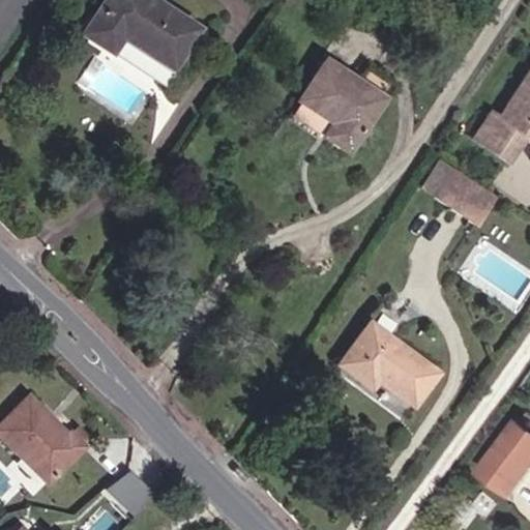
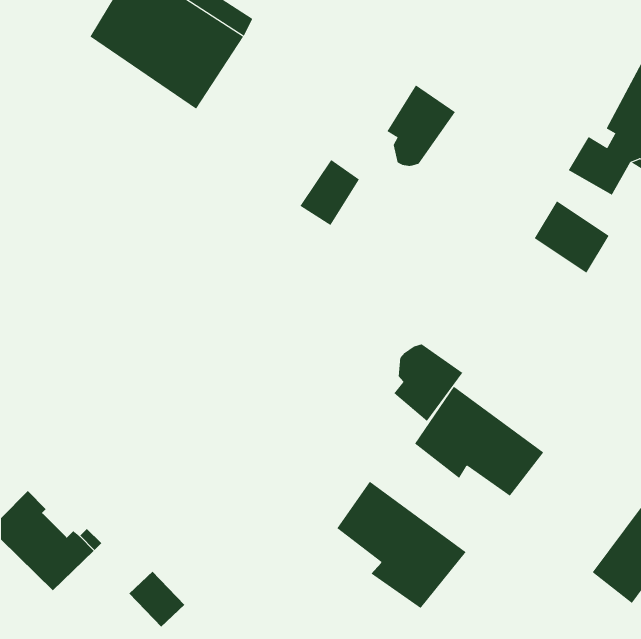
building: [294,53,344,108] -> [299,159,360,226]
building: none -> [394,344,463,422]
building: none -> [336,481,467,609]

